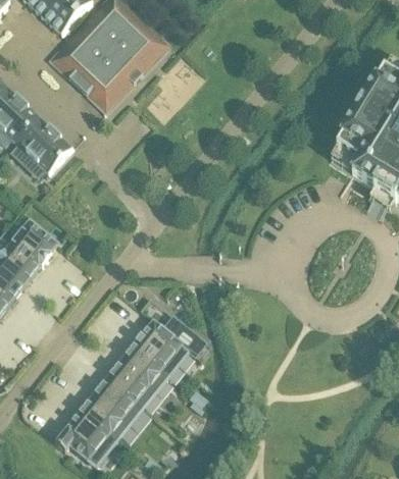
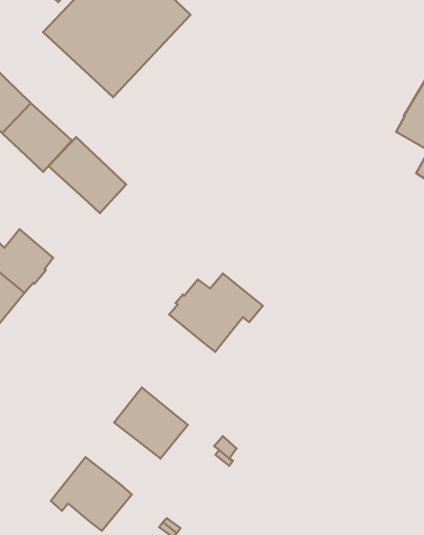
building: none -> [49,137,126,213]
building: [129,317,205,381] -> [169,273,263,352]
building: [83,379,144,438] -> none

